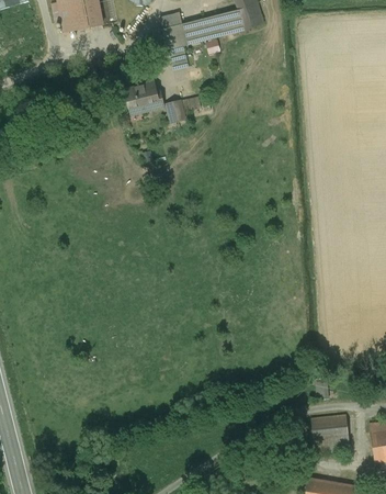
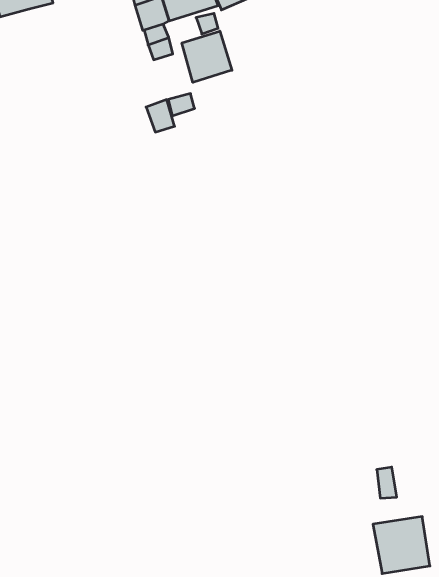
building: none -> [182,31,232,82]
building: [125,80,163,111] -> none

